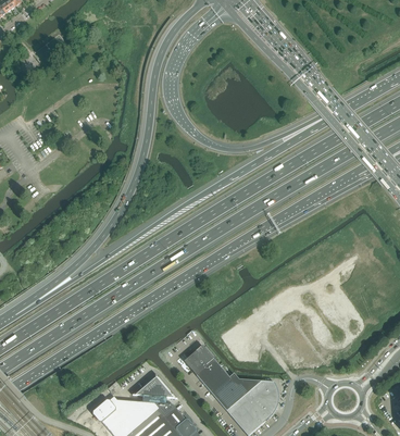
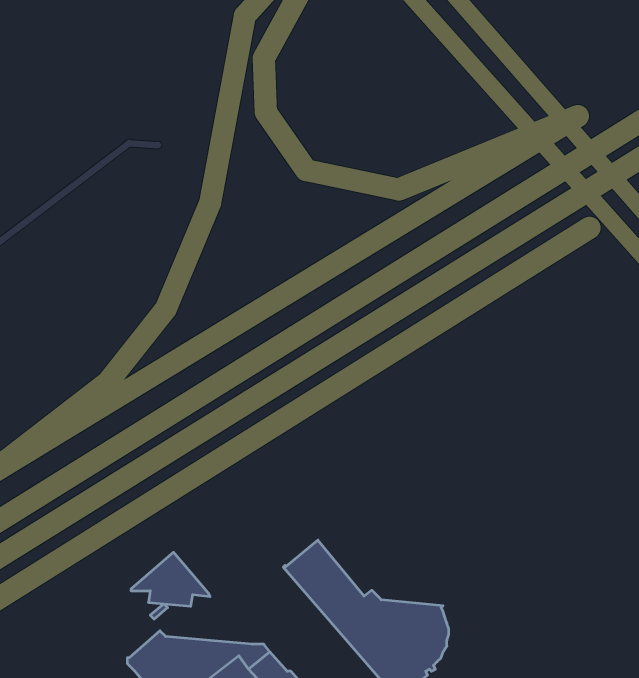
building: [133,373,177,403] -> [131,552,210,606]

